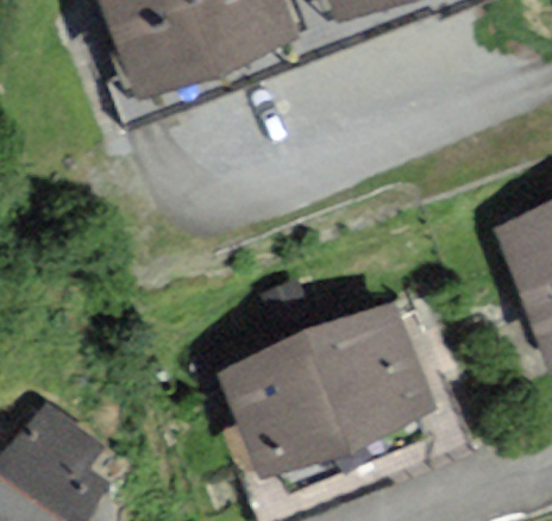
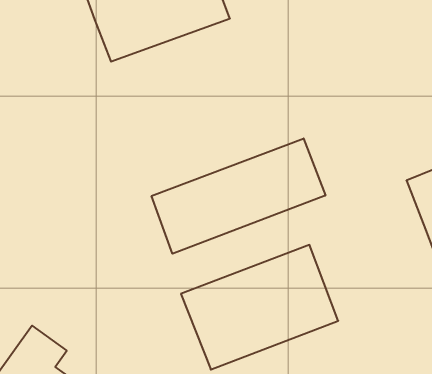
building: none -> [152,138,325,254]

